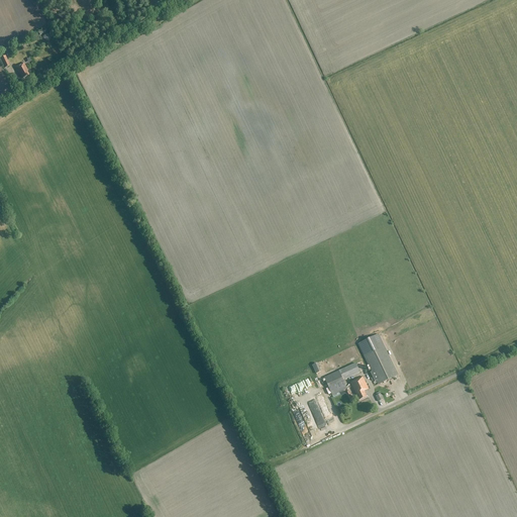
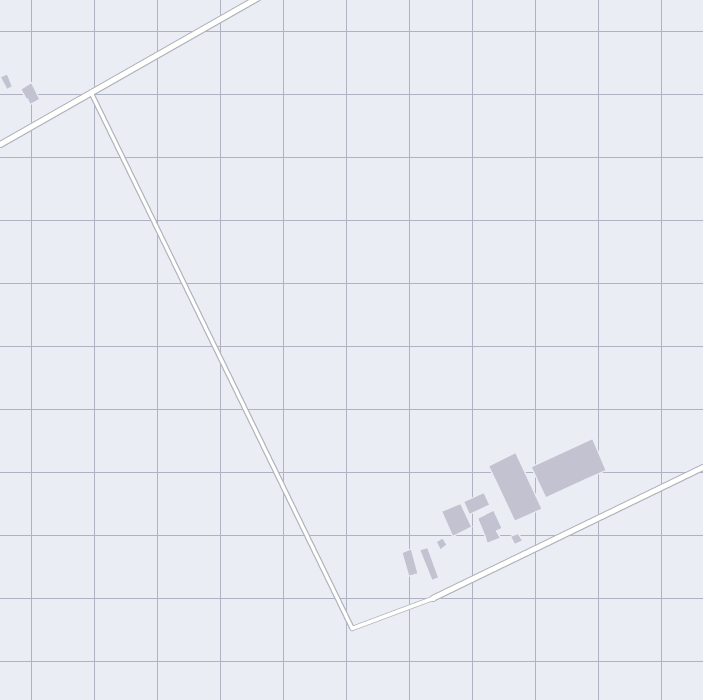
building: none -> [531,438,606,498]

